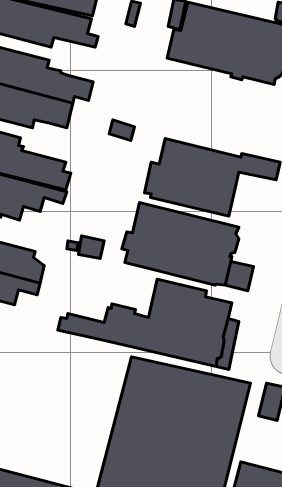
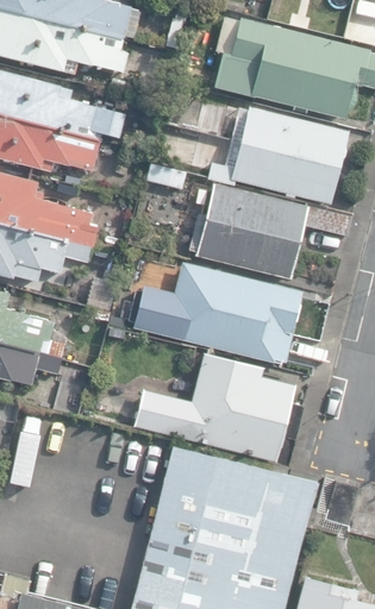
building: none -> [207,106,346,202]

